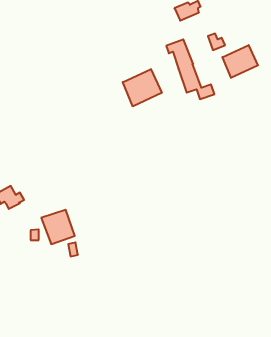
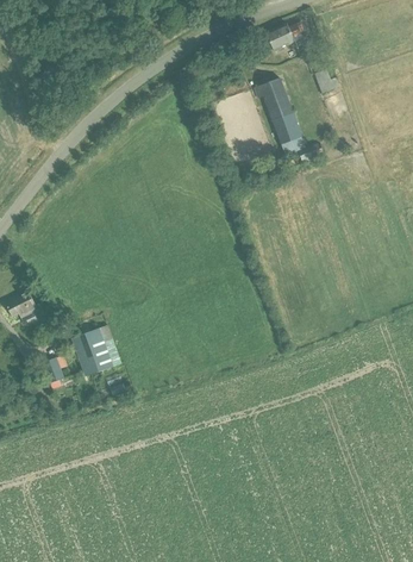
building: [222,45,258,78] -> none
building: [123,69,162,106] -> none

